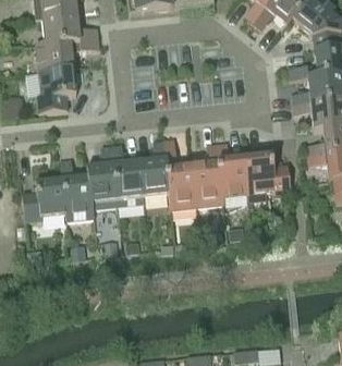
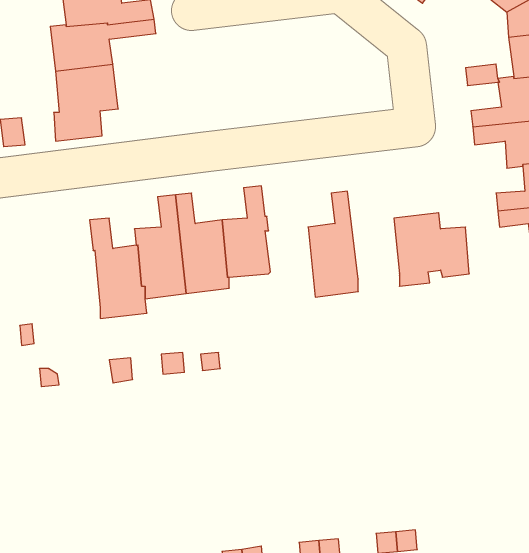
building: [163,138,196,209] -> none
building: [216,142,247,196] -> none
building: [22,179,65,221] -> none

